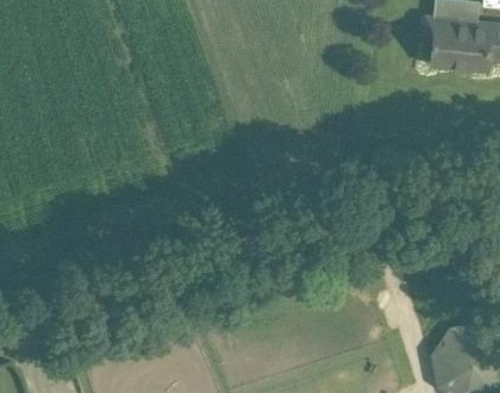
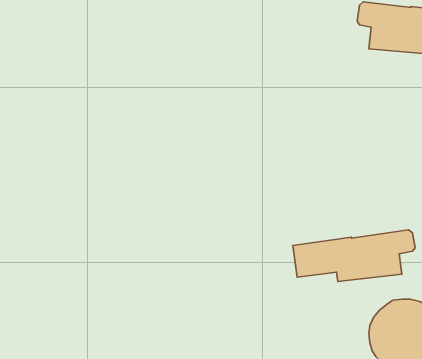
building: none -> [293,230,415,282]

